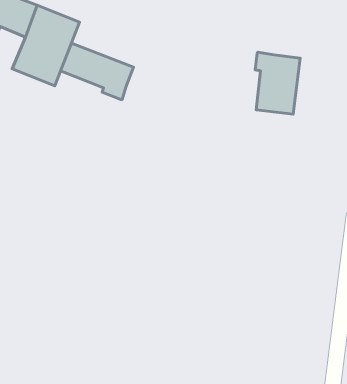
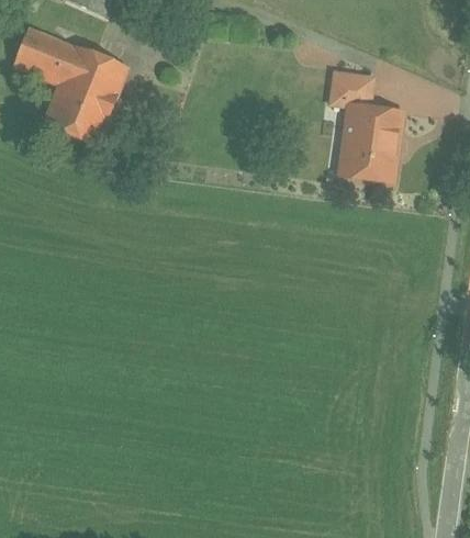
building: none -> [331,69,373,105]
building: [61,43,134,100] -> none

